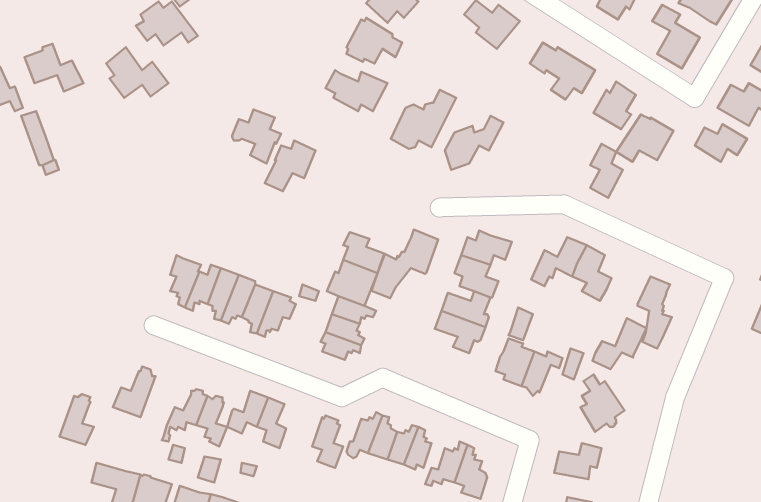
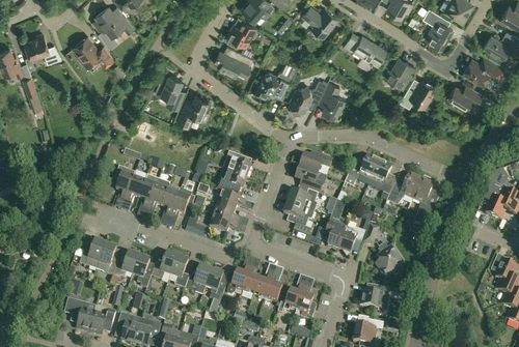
building: [590,144,623,198] -> [323,80,344,114]
building: [372,230,438,298] -> none
building: [592,318,646,369] -> [386,172,420,204]
building: [59,394,94,445] -> [97,240,118,272]
building: none -> [185,263,212,290]

